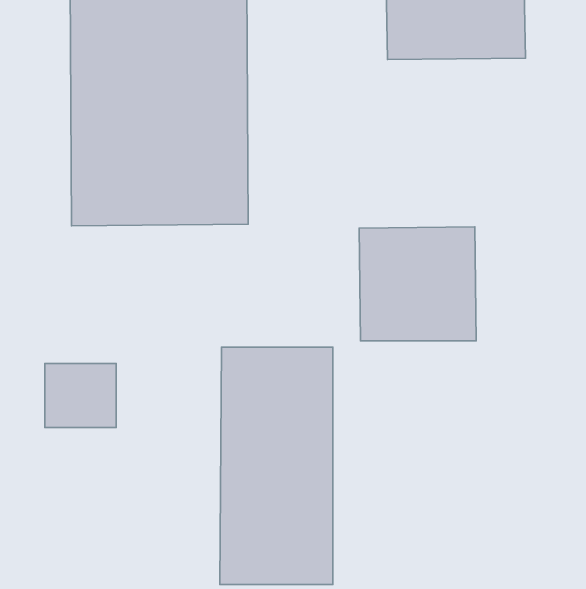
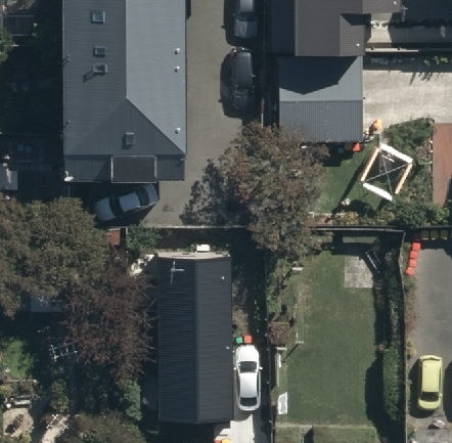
building: [359,227,476,341] -> [288,61,369,140]

